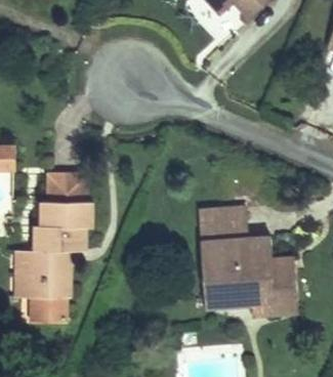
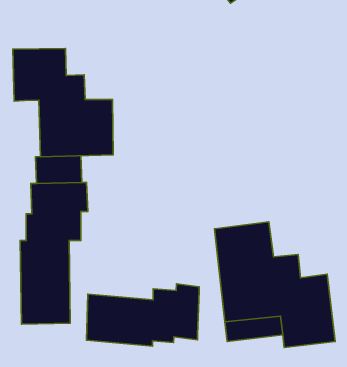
building: none -> [13,48,113,157]
building: none -> [86,284,199,346]

